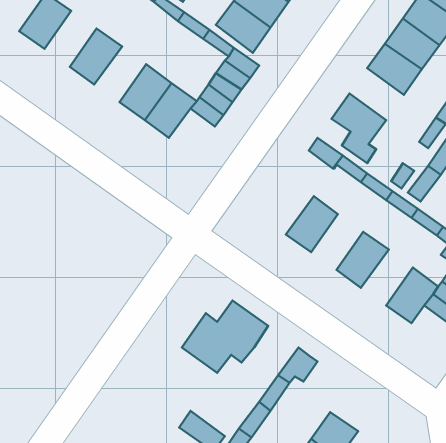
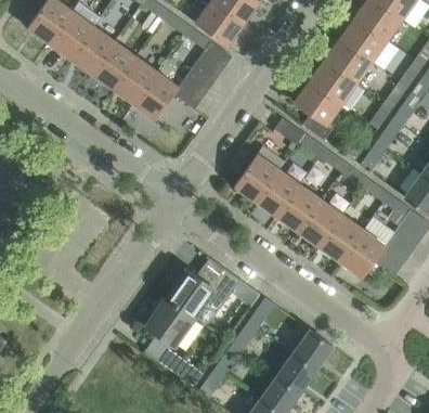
building: none -> [49,11,93,59]
building: none -> [91,41,135,89]
building: none -> [309,60,355,104]
building: none -> [234,154,278,202]
building: none -> [276,184,321,232]
building: none -> [318,215,363,262]
building: none -> [145,298,196,348]
building: none -> [292,330,333,370]

